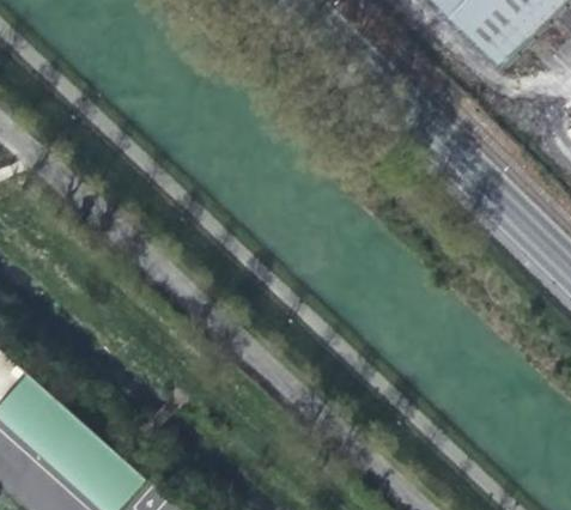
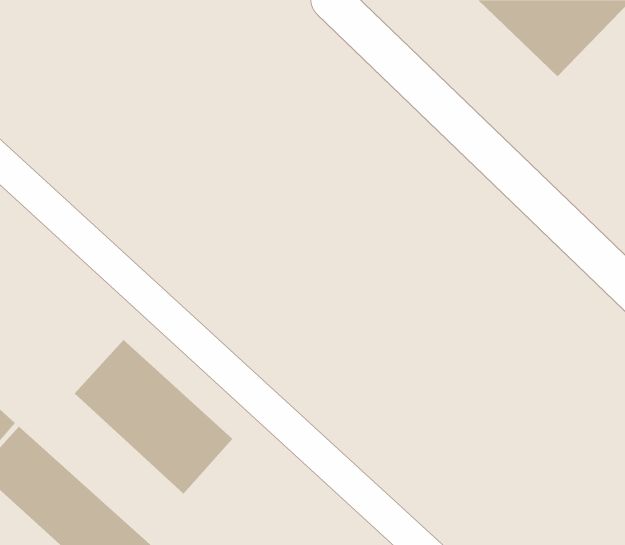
building: none -> [74,339,233,494]

